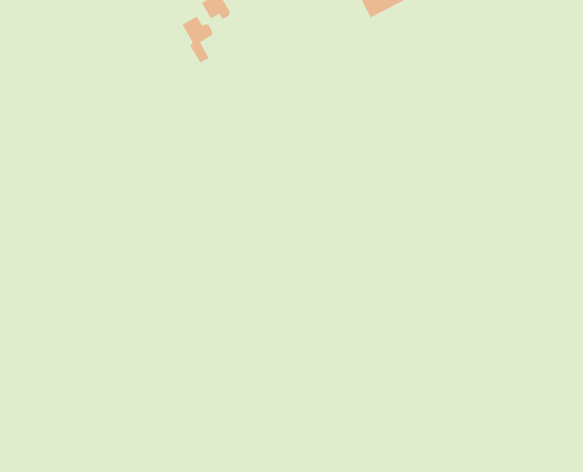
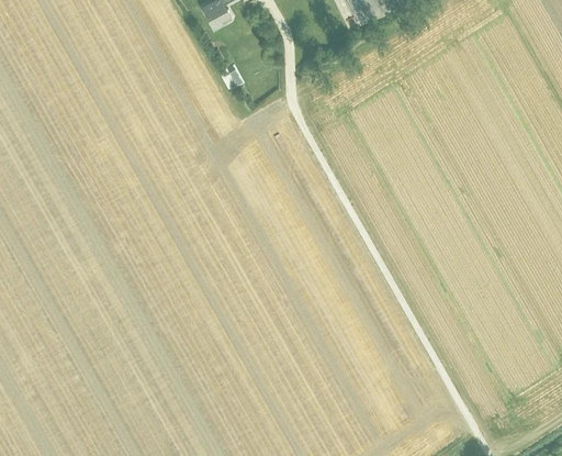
building: [182,15,213,63] -> none

